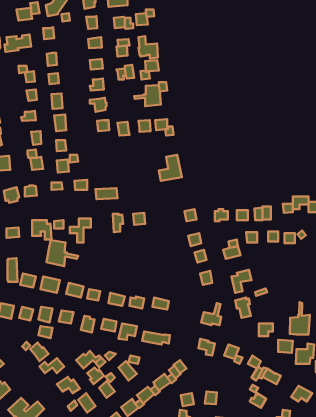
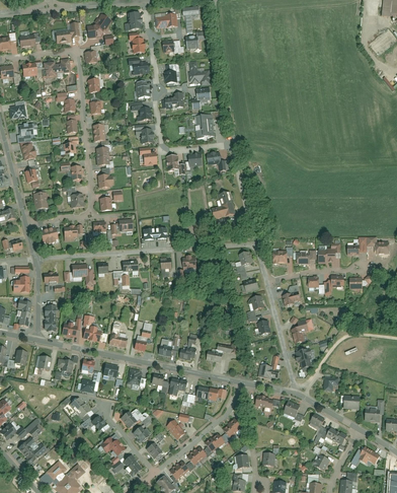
building: [46,240,78,266] -> none
building: [290,302,310,335] -> none

